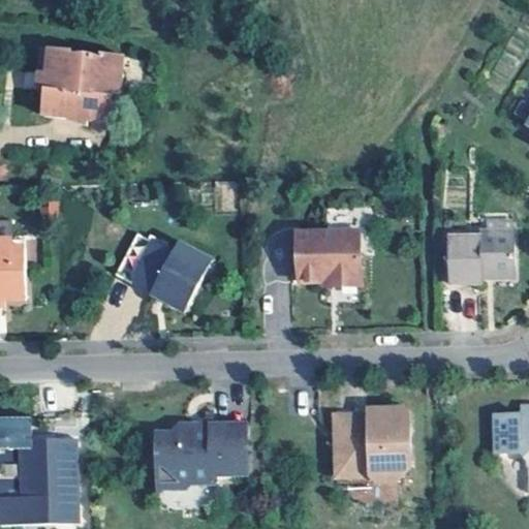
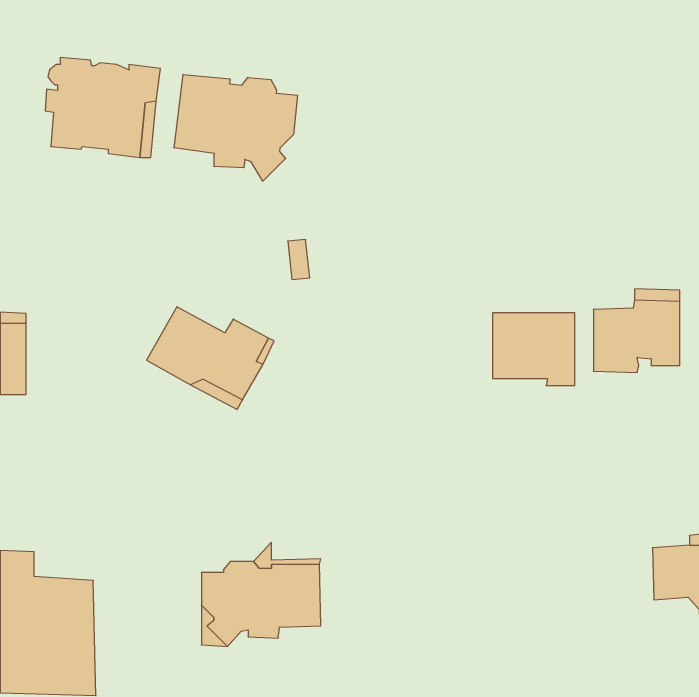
building: none -> [174,74,298,181]
building: [298,229,360,284] -> [493,313,575,385]
building: [333,410,408,484] -> none

